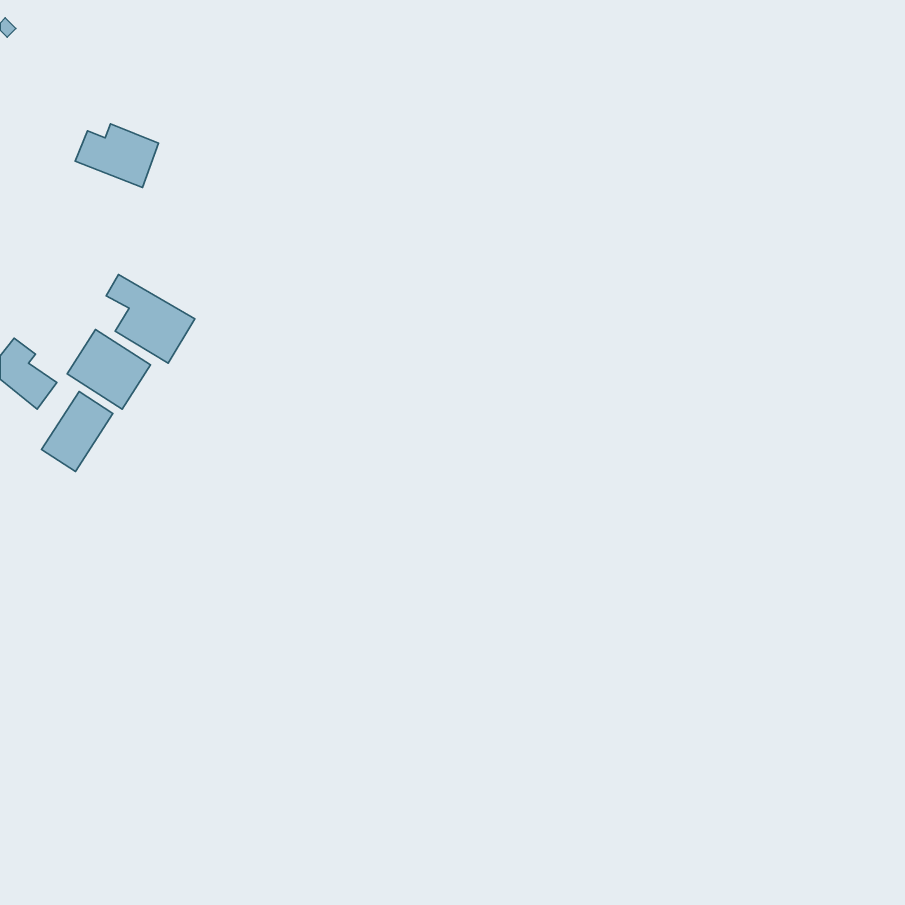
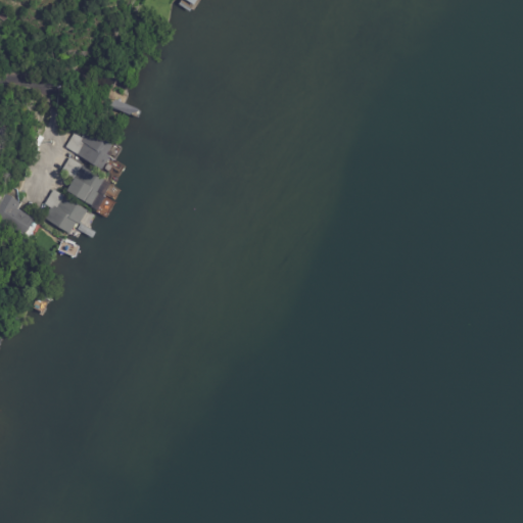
building: [75,124,158,188] -> [65,130,113,167]
building: [42,392,113,472] -> none

